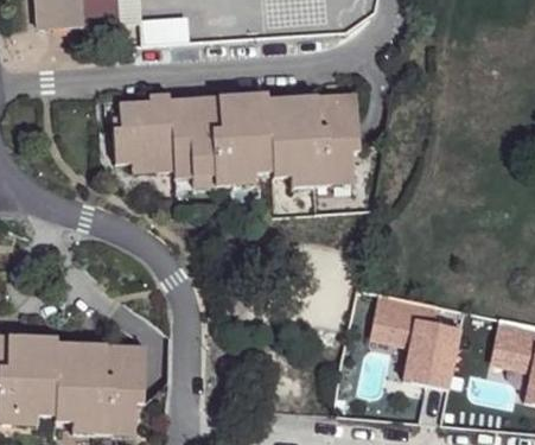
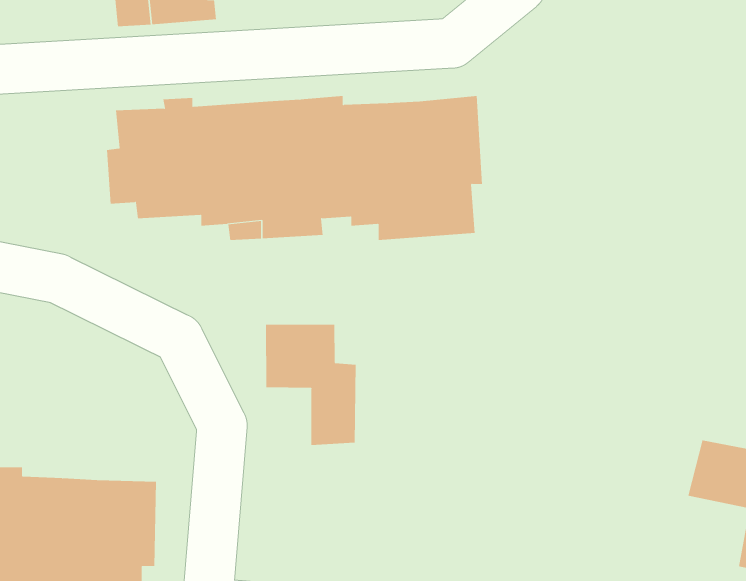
building: none -> [265,324,356,446]
building: [371,291,459,387] -> none

